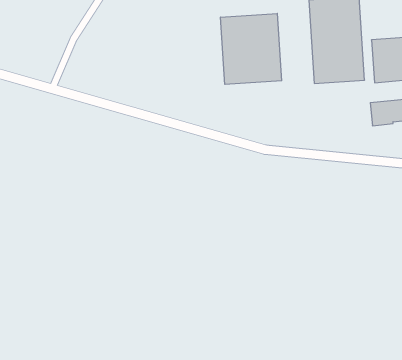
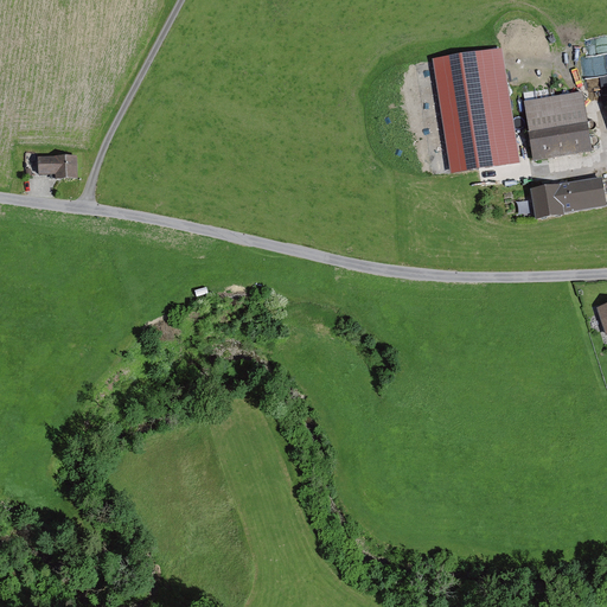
building: [221,13,282,84] -> none
building: none -> [38,154,78,179]

